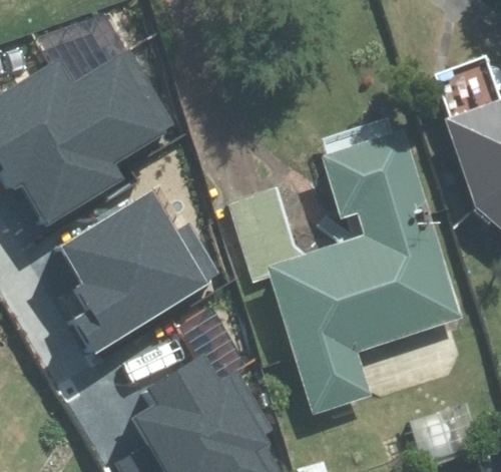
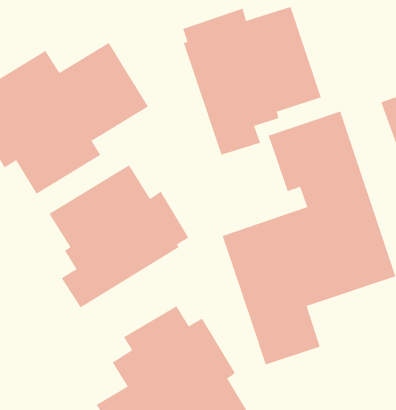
building: none -> [182,6,322,155]

